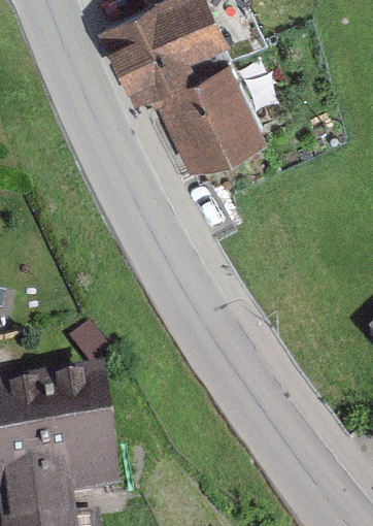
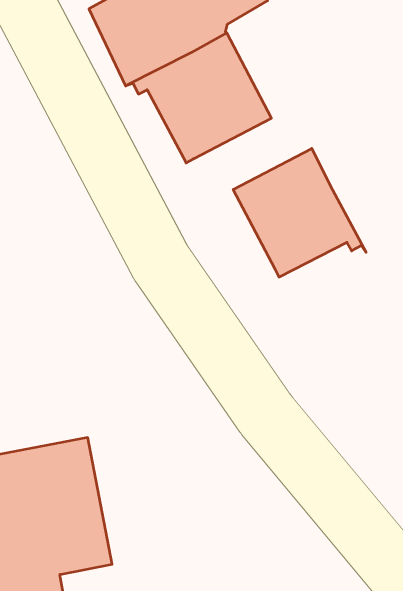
building: none -> [233,148,366,277]

